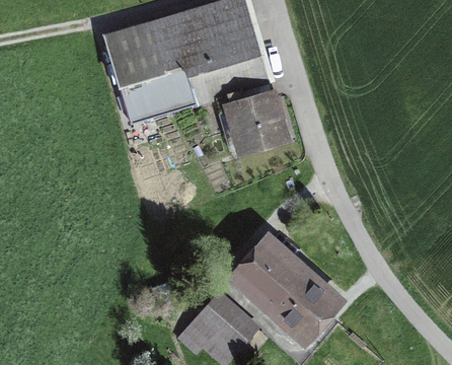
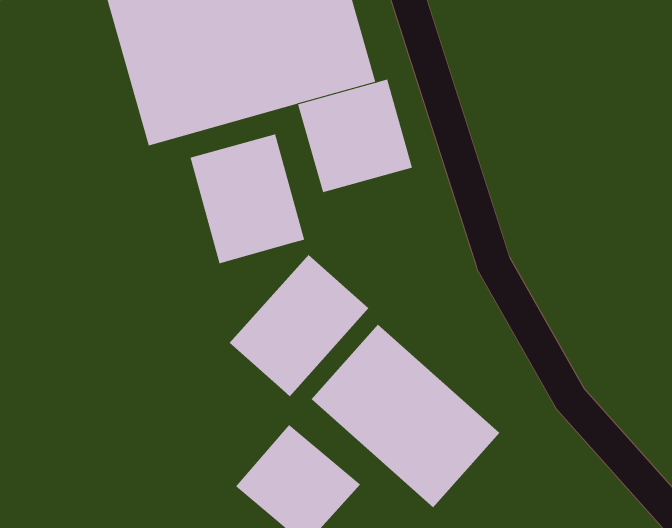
building: none -> [190,133,305,264]
building: none -> [229,254,369,397]

